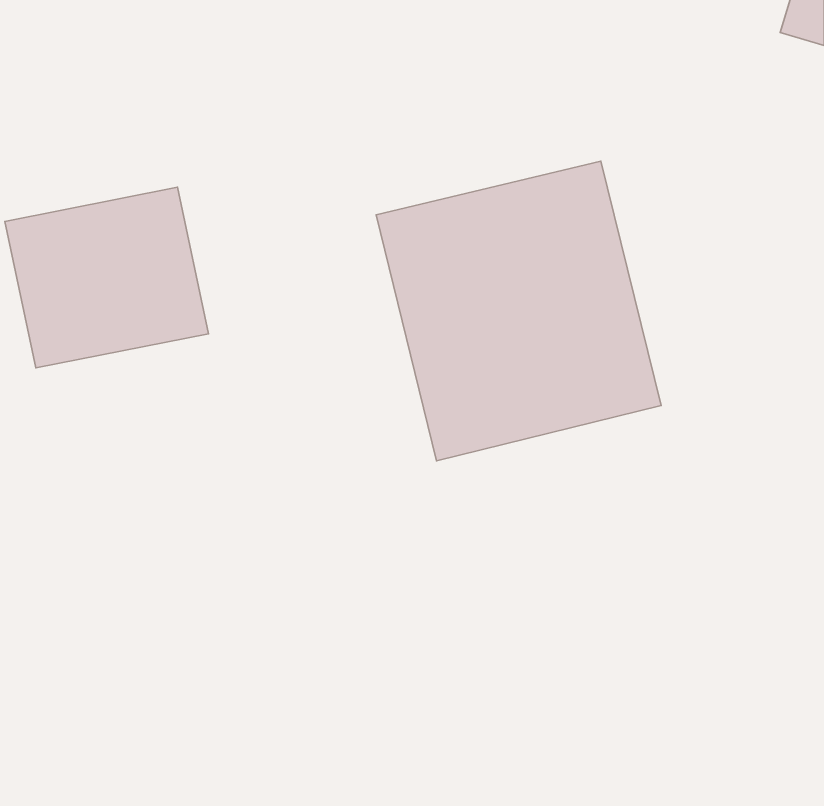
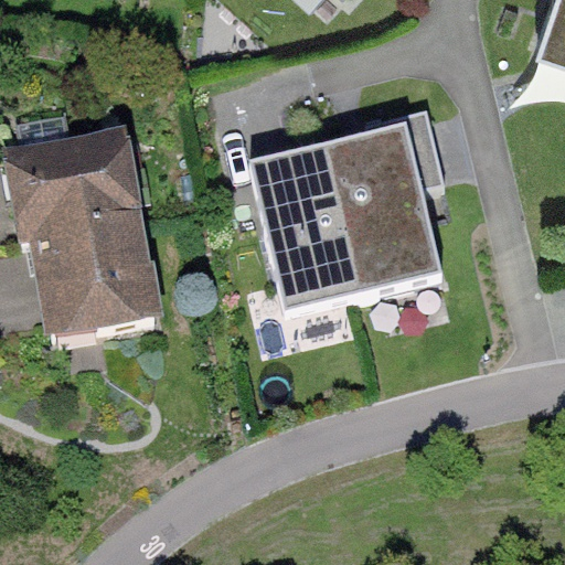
building: none -> [24,226,161,349]

